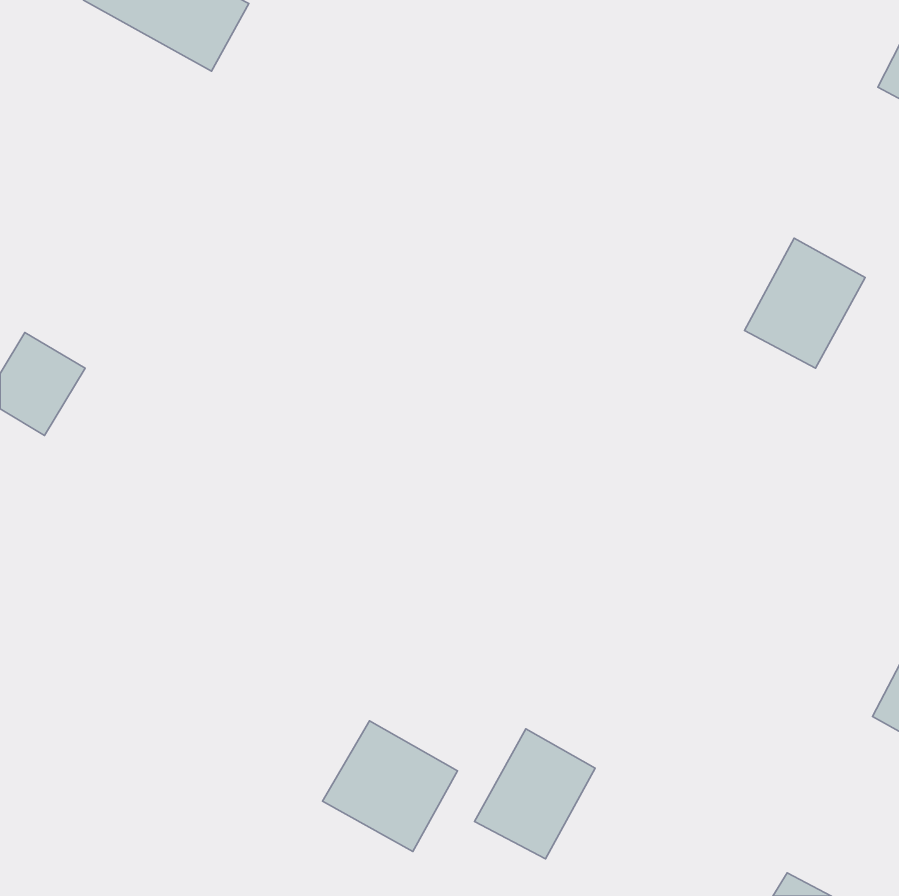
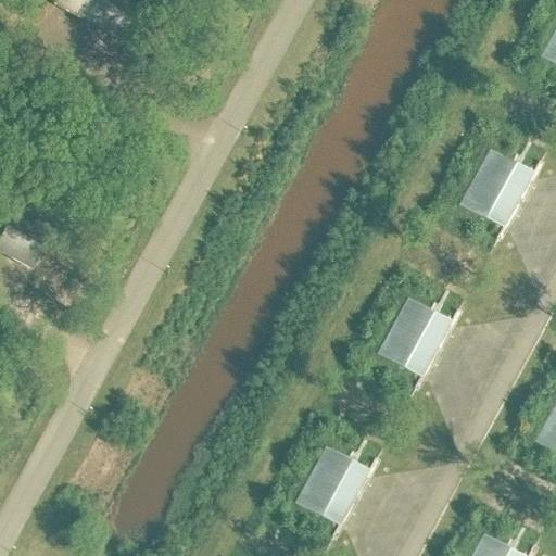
building: none -> [379,294,453,374]
building: [323,721,458,852] -> none

